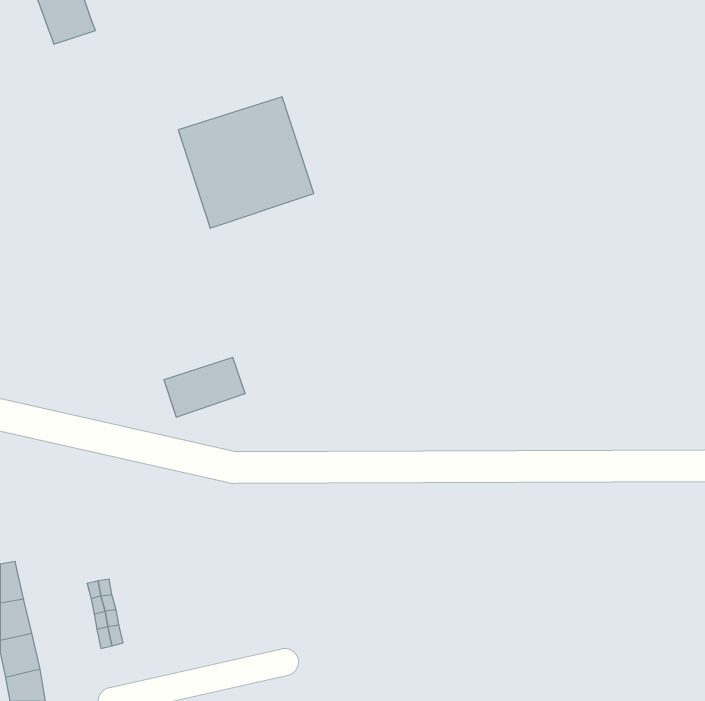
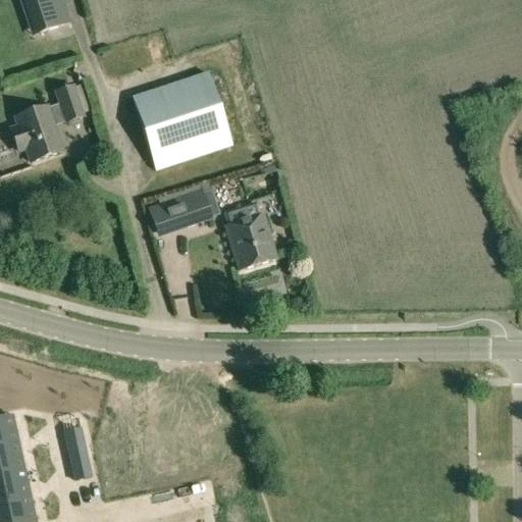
building: none -> [57,84,84,120]
building: none -> [12,105,62,160]
building: none -> [226,213,276,268]
building: [164,358,245,417] -> [151,189,211,232]

